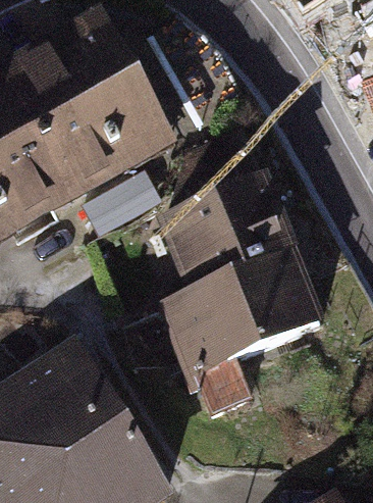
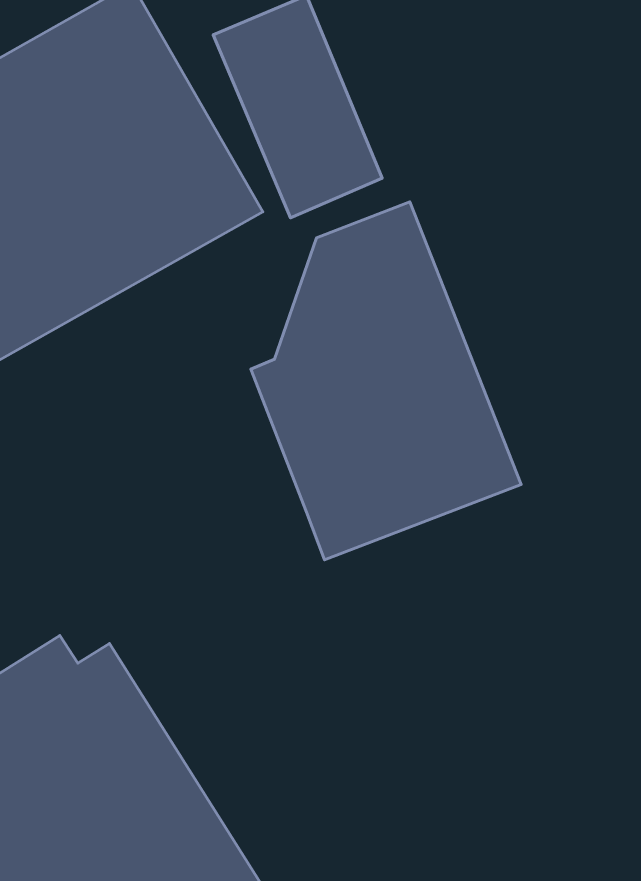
building: [119,284,320,417] -> none

